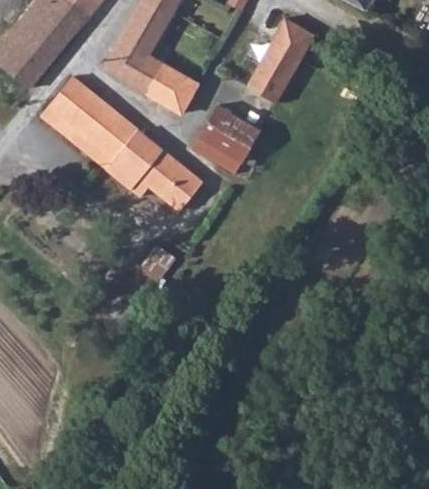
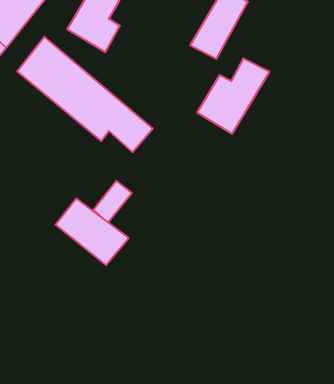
building: [146,62,199,114] -> none
building: [192,85,277,174] -> [197,58,269,134]
building: none -> [55,199,129,265]

